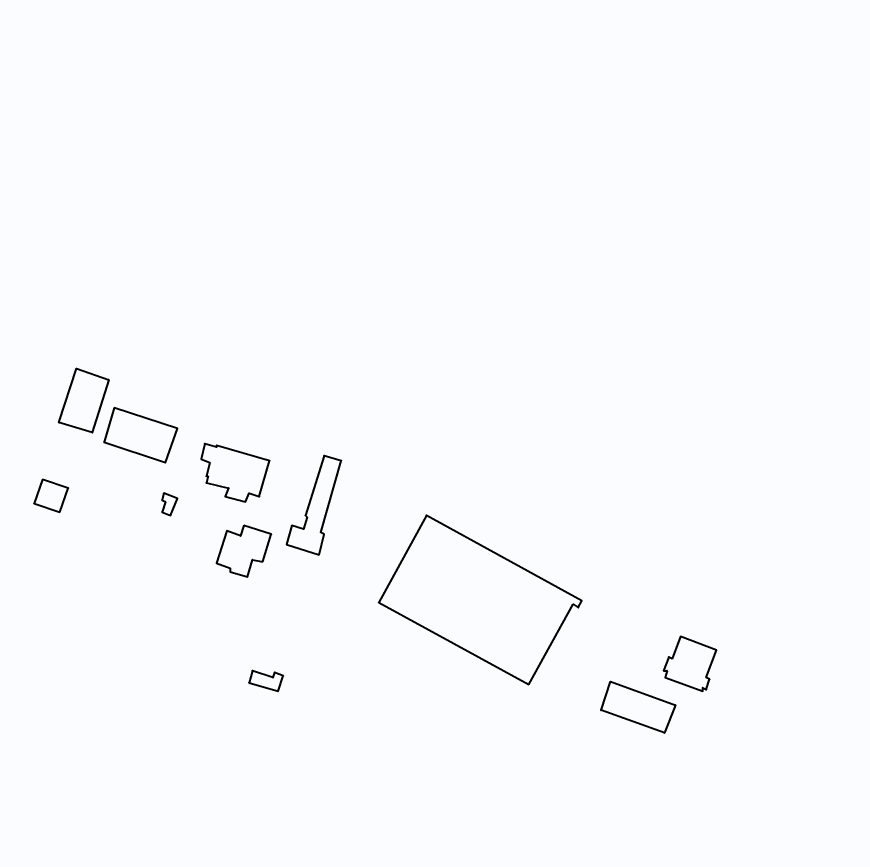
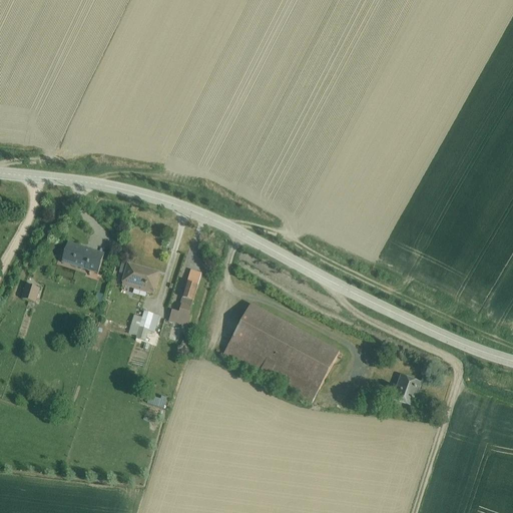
building: [59,369,109,433] -> none
building: [601,682,675,733] -> none

